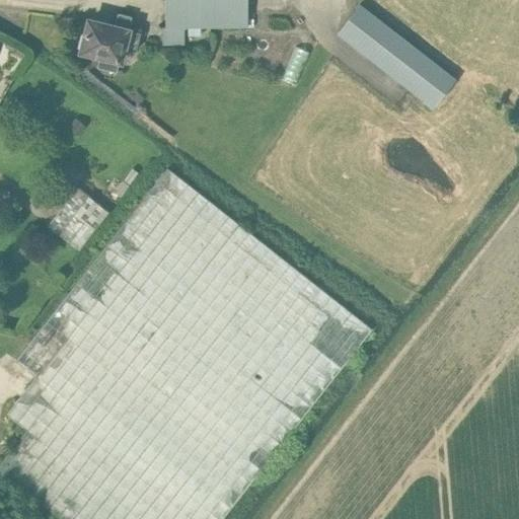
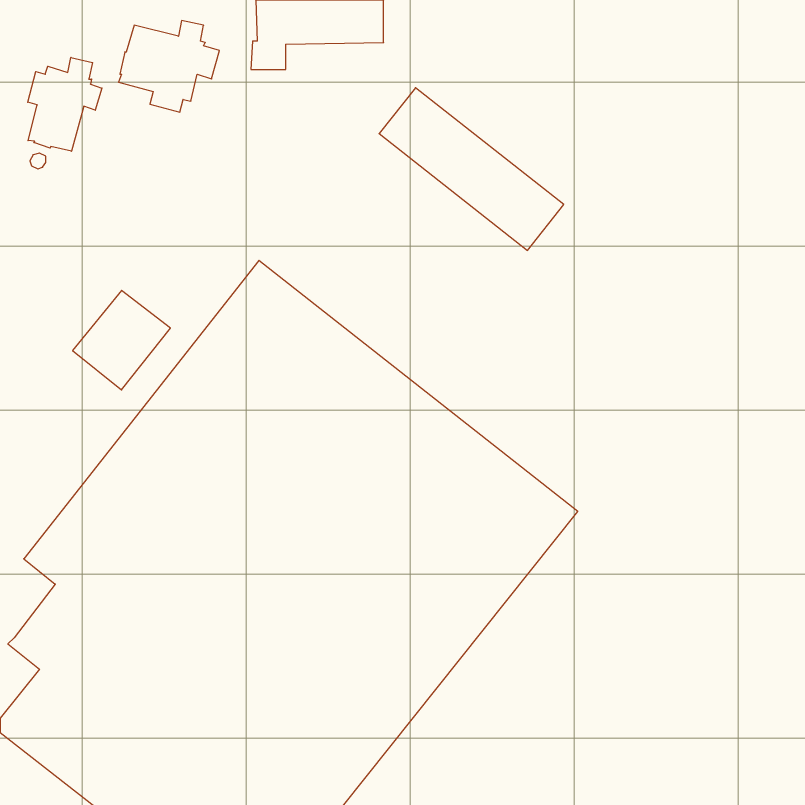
building: [338,5,456,109] -> [379,88,564,250]
building: none -> [28,57,102,151]

